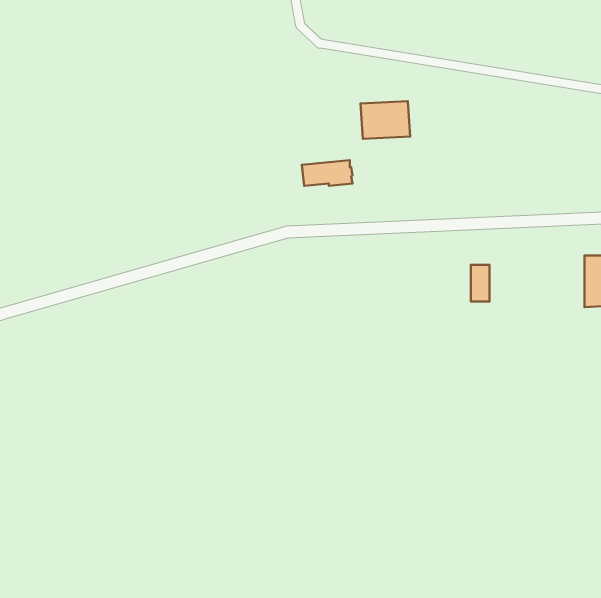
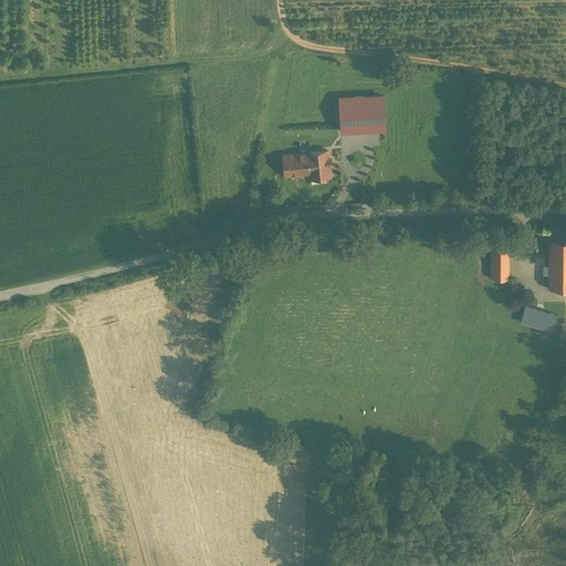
building: [471,265,490,301] -> [492,248,510,282]
building: none -> [521,307,557,334]

